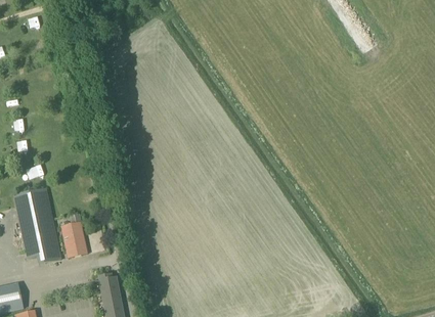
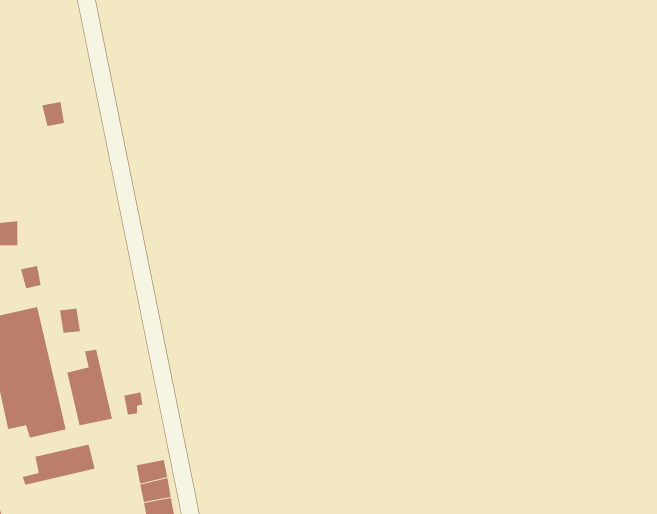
building: none -> [22,444,95,485]

